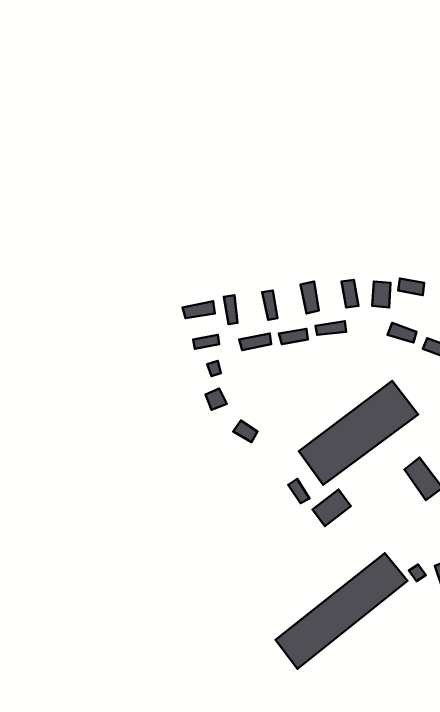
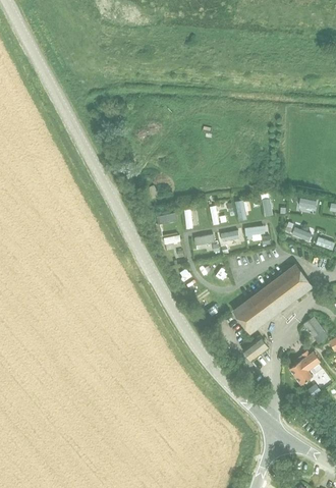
building: none -> [289,350,322,385]
building: [275,553,408,669] -> none

